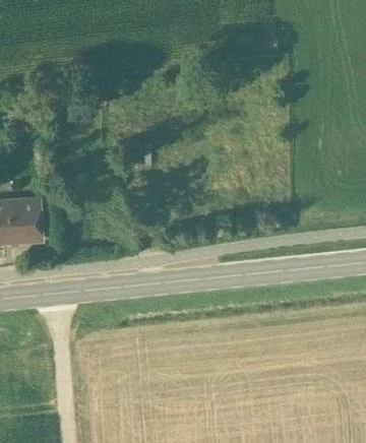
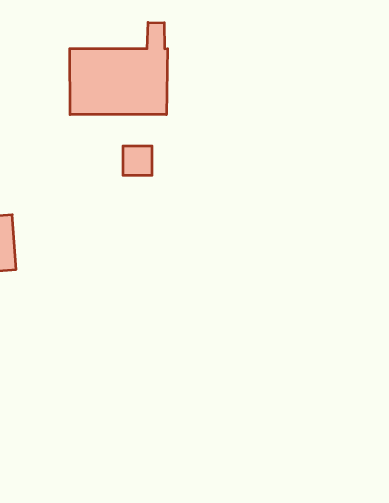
building: none -> [70,22,168,115]

